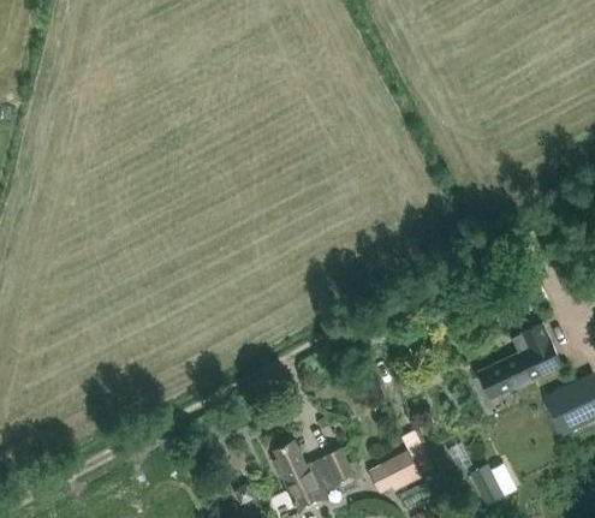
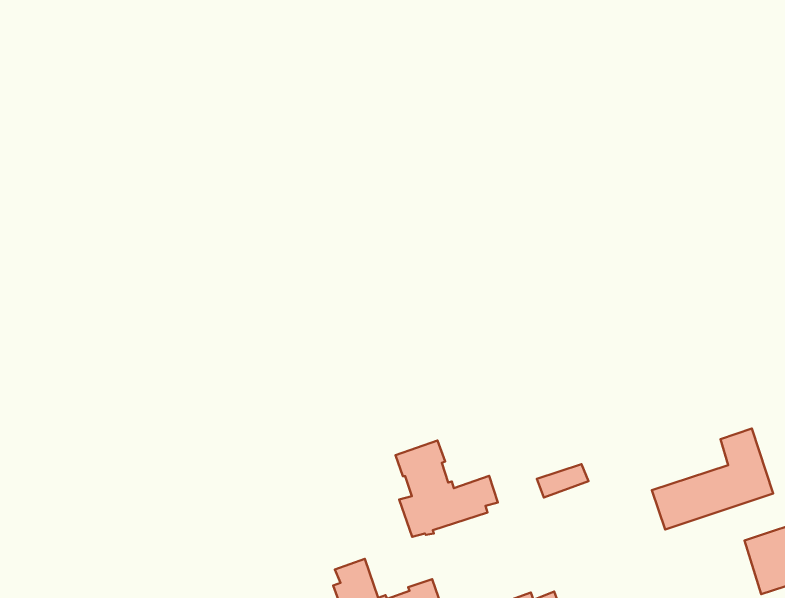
building: none -> [395,441,498,537]

